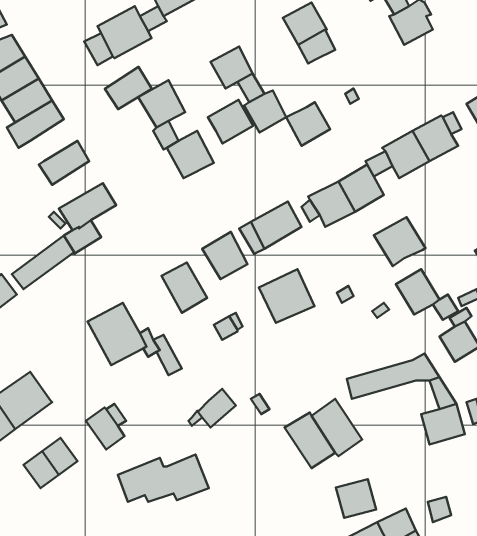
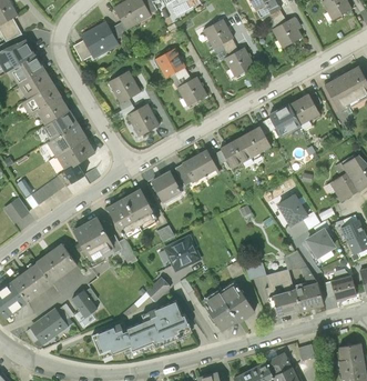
building: [105,67,152,109] -> [37,97,68,124]
building: [208,100,253,143] -> none
building: [286,102,330,146] -> [224,48,253,77]
building: none -> [47,124,84,156]
building: [374,217,426,266] -> none
building: [259,269,314,323] -> [163,235,200,271]
building: none -> [106,200,136,233]
building: none -> [35,243,75,282]
building: none -> [144,299,191,343]
building: [336,479,376,518] -> [273,291,299,317]

